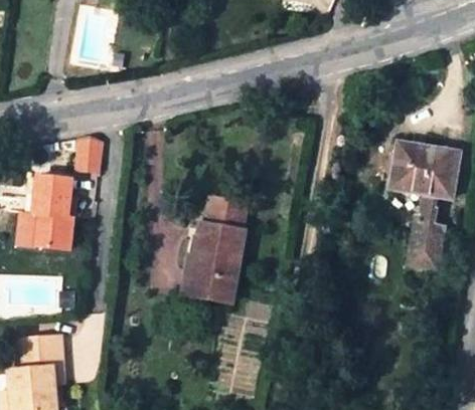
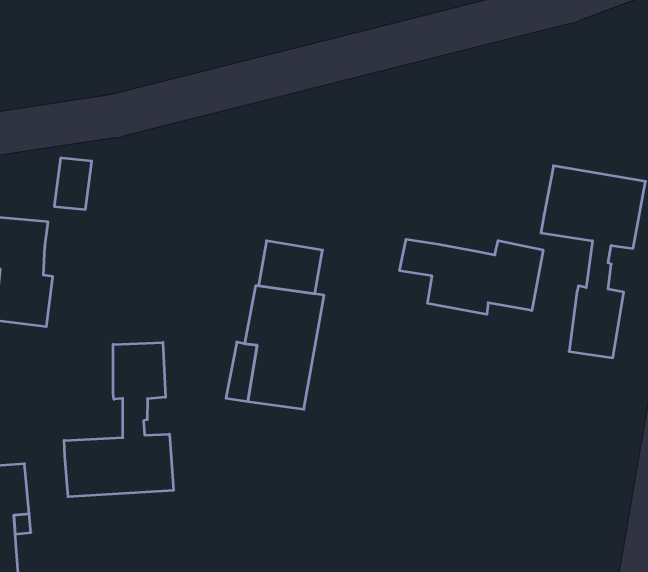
building: none -> [400,239,543,314]
building: none -> [64,342,173,497]

